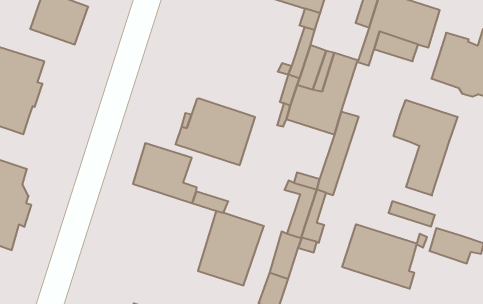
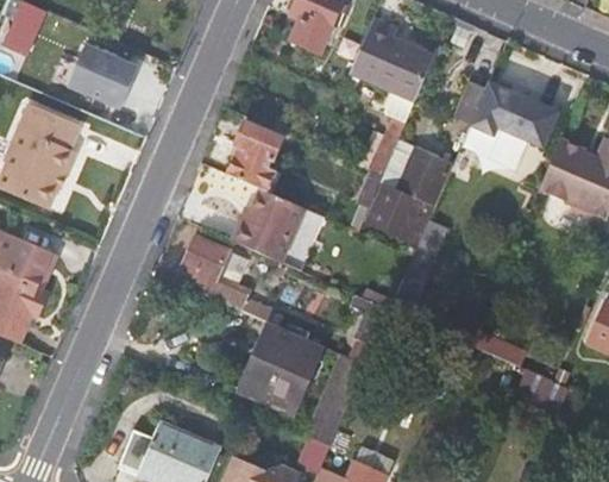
building: none -> [227,121,282,188]
building: [394,100,458,196] -> none
building: [342,224,417,289] -> none

